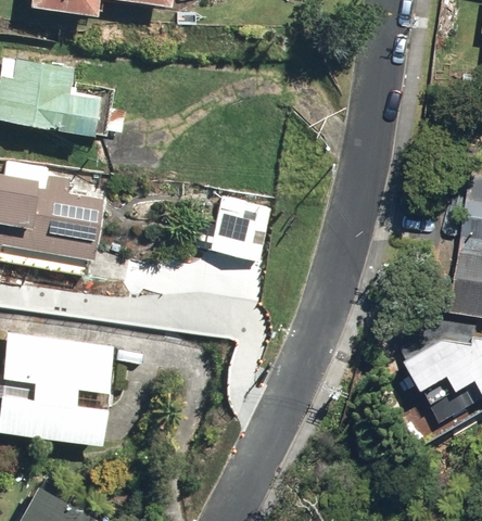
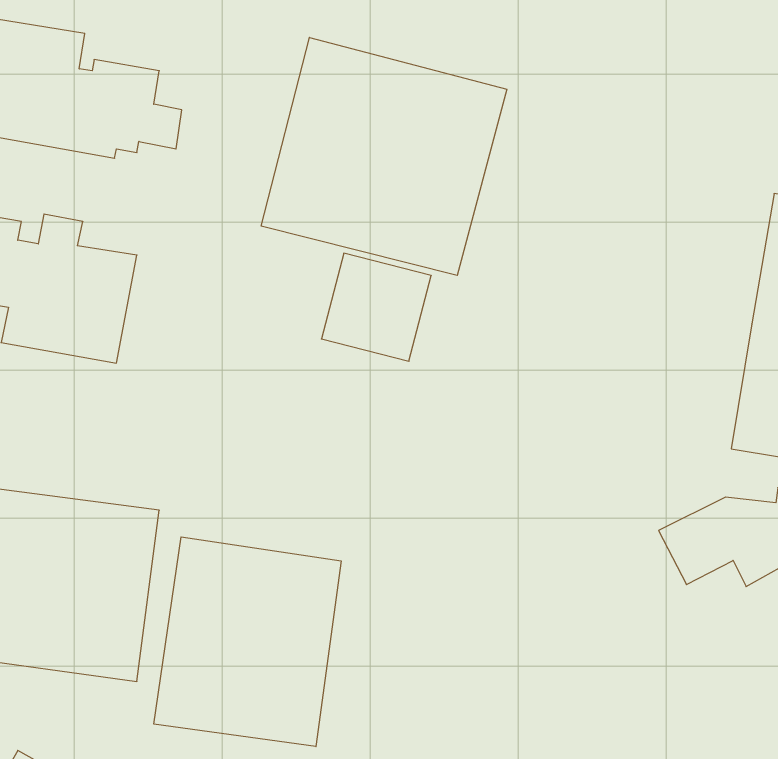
building: none -> [261,37,507,275]
building: none -> [154,537,341,747]

